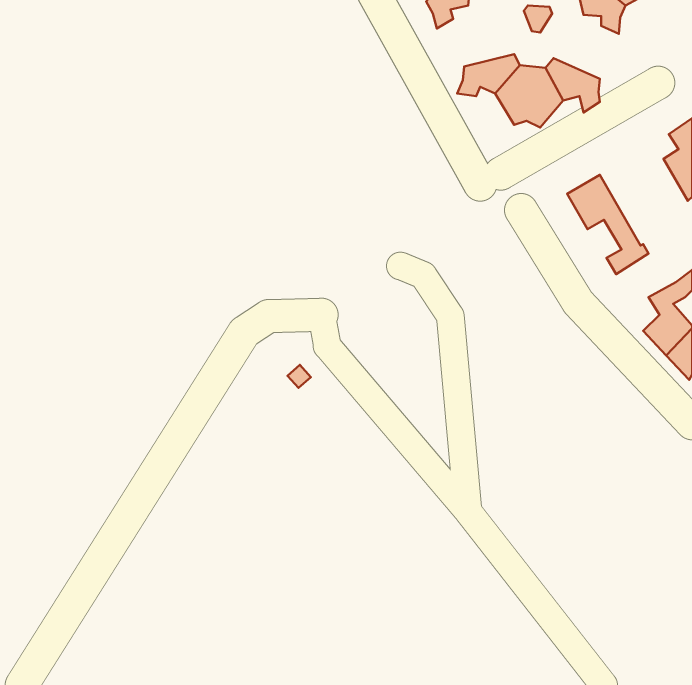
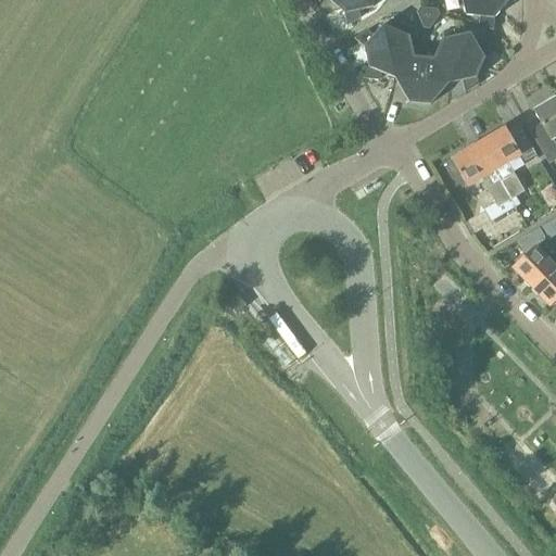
building: none -> [356,22,413,53]
building: none -> [443,29,494,63]
building: none -> [480,123,539,197]

